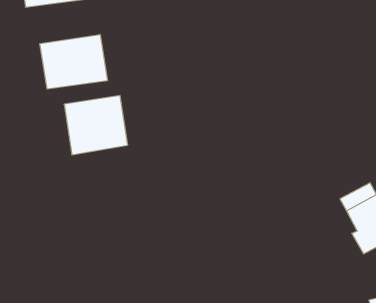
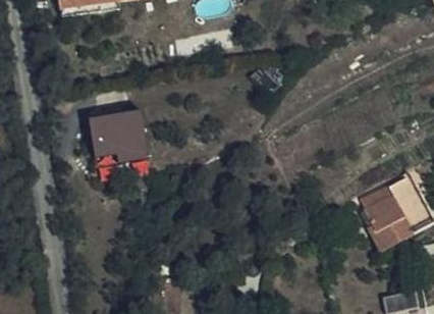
building: [40,34,107,89] -> none

